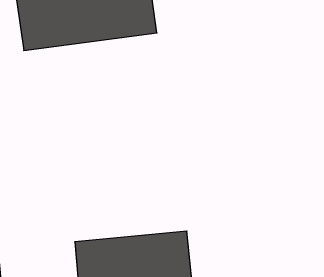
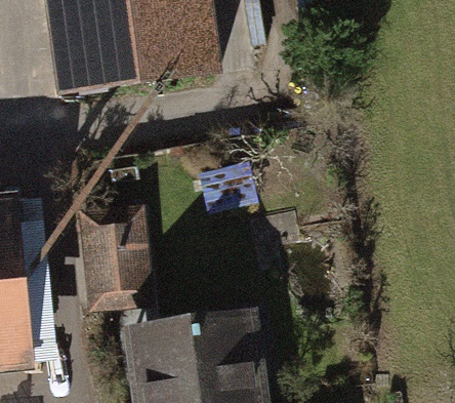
building: none -> [73,198,147,319]

